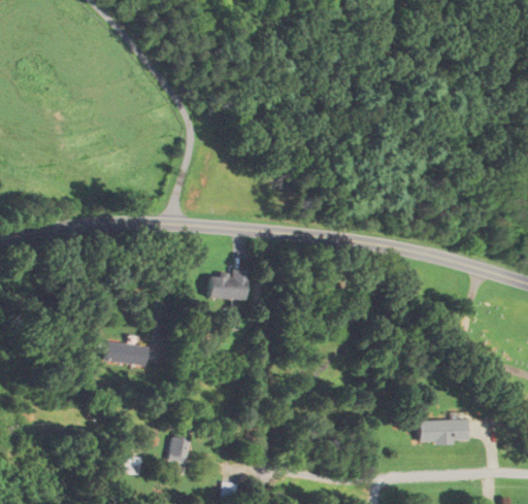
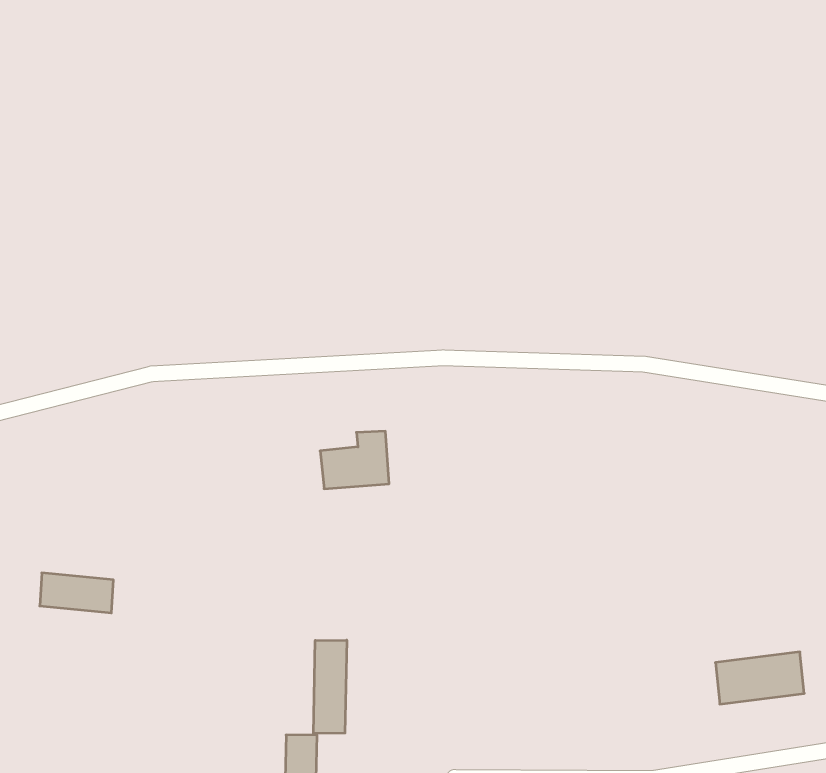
building: [105,339,148,366] -> [40,573,113,613]
building: none -> [313,640,347,733]

